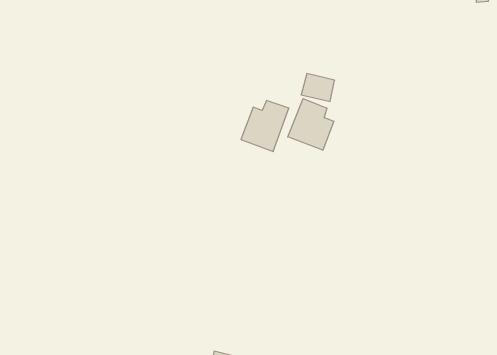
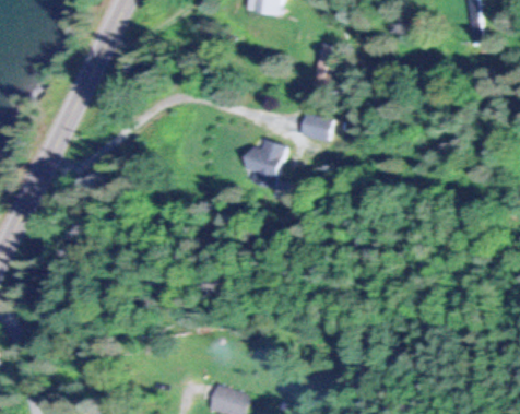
building: [288,99,334,150] -> none

